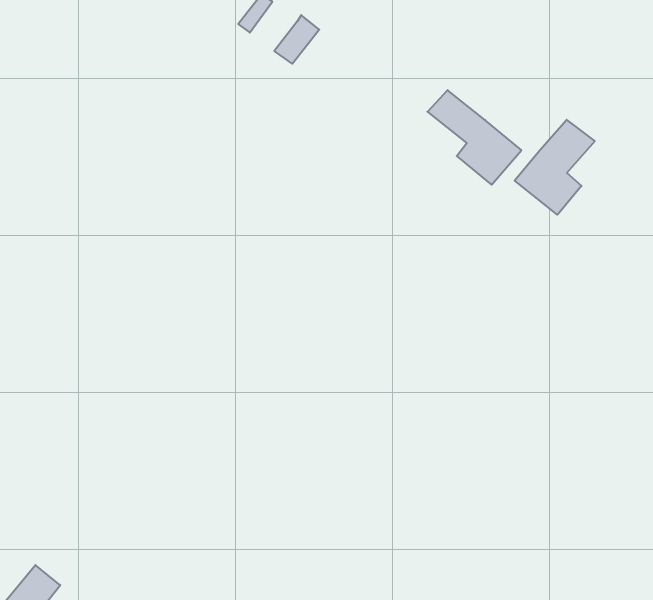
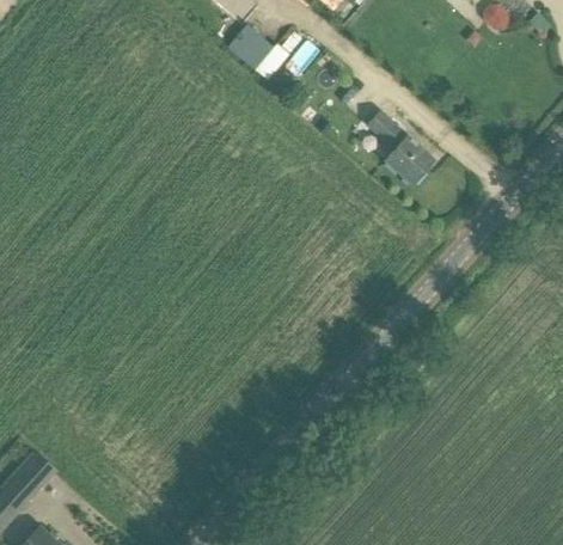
building: [515,120,595,215] -> none

